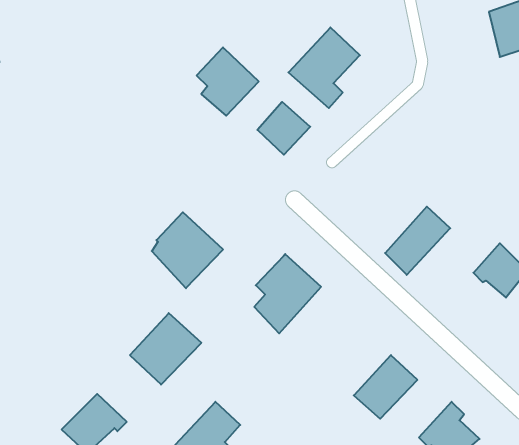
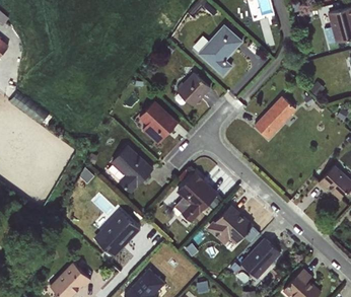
building: [197,47,259,116] -> [138,99,179,144]
building: [385,207,450,275] -> [254,95,296,140]
building: none -> [206,204,254,244]

